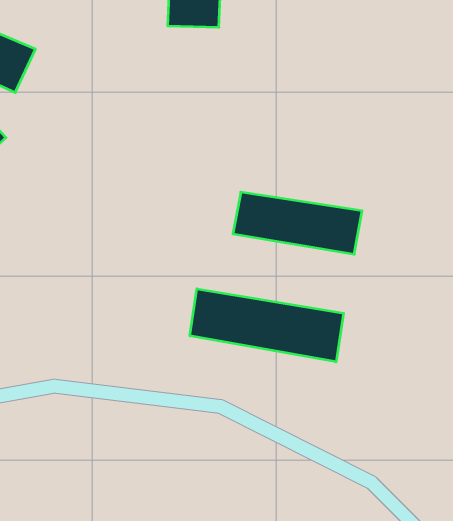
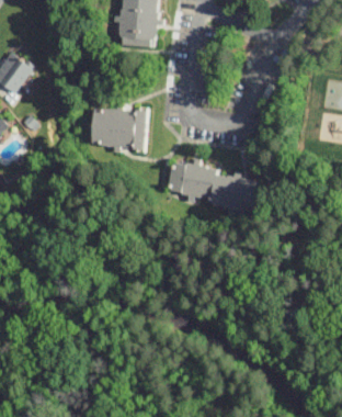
building: none -> [87,105,147,148]
building: [190,289,344,362] -> none

